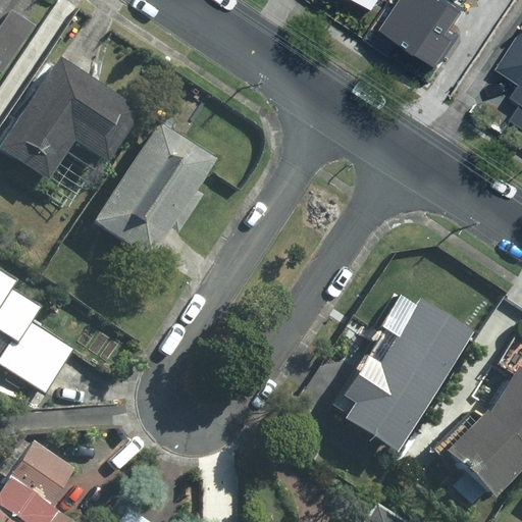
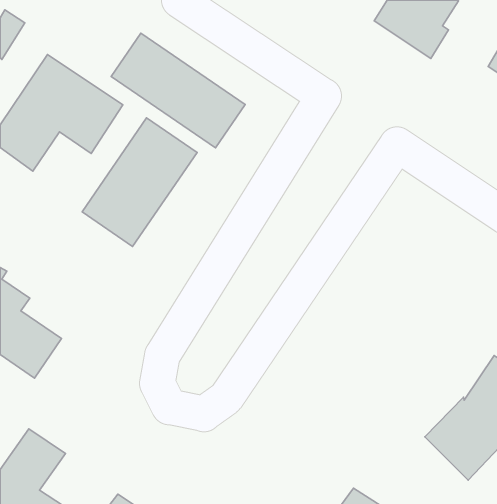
building: none -> [111,33,245,148]
building: [342,300,470,451] -> none

